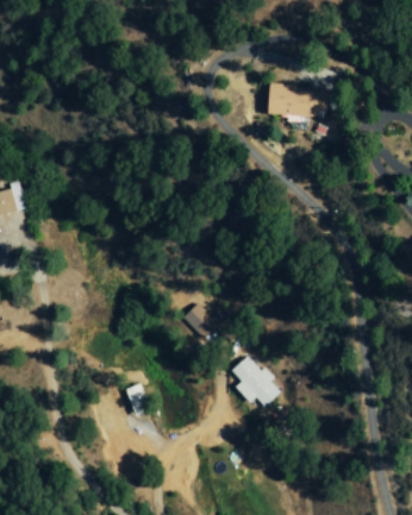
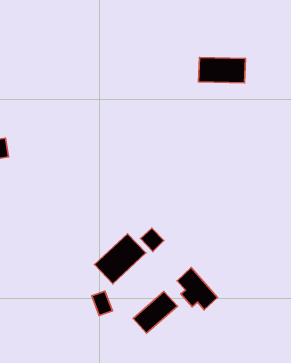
building: none -> [94,234,146,284]
building: none -> [133,291,177,333]

